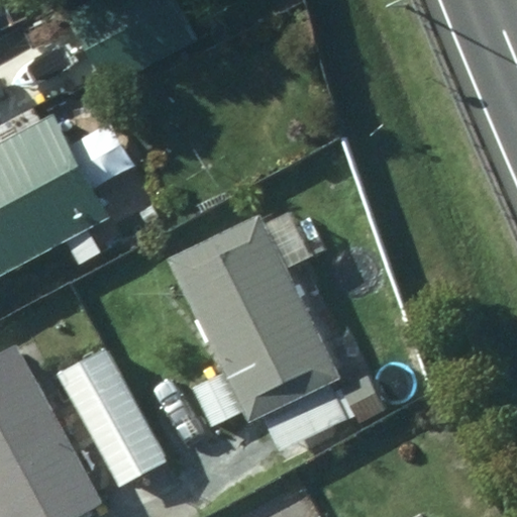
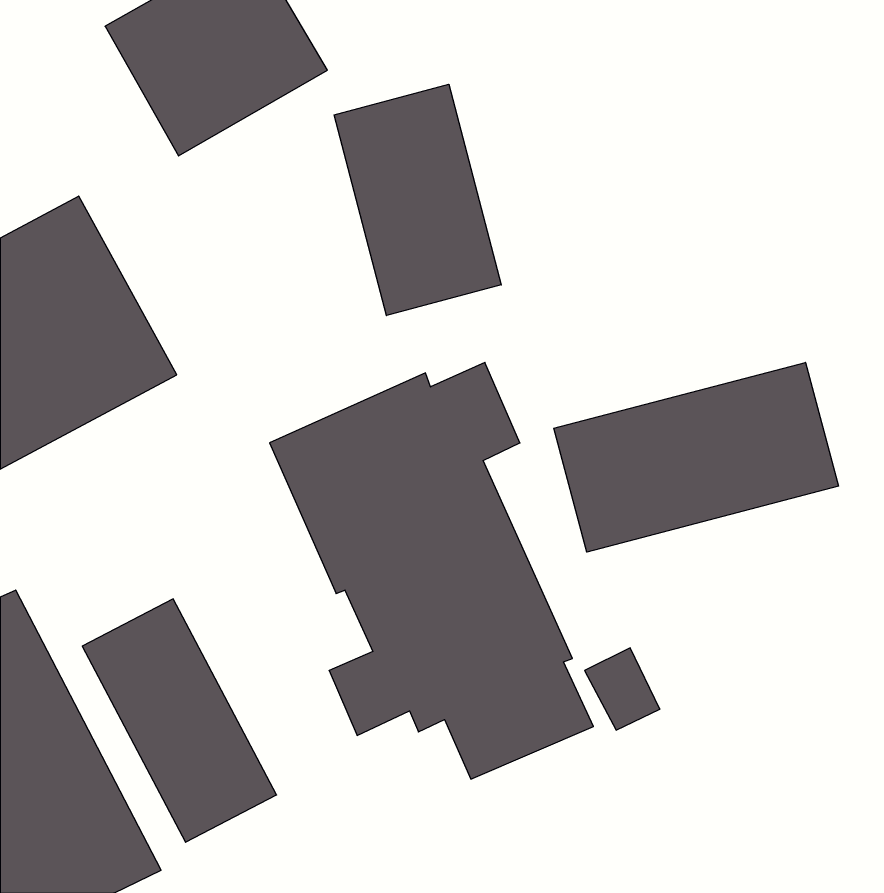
building: none -> [334,84,501,316]
building: none -> [554,362,839,552]

